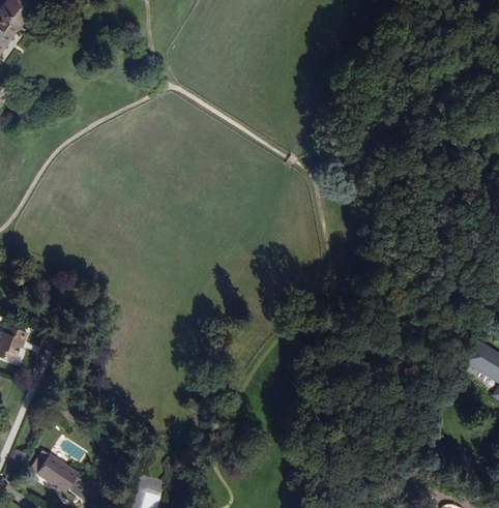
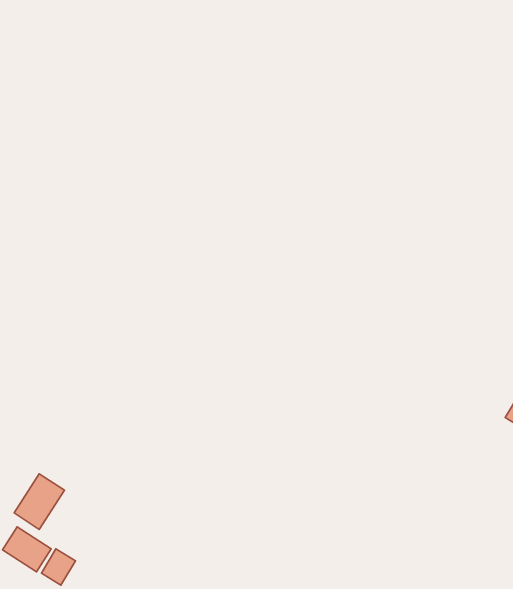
building: none -> [14,474,64,529]

